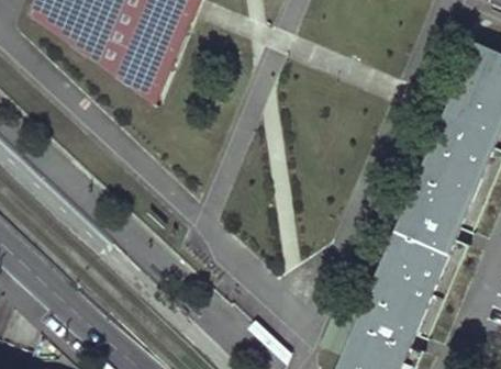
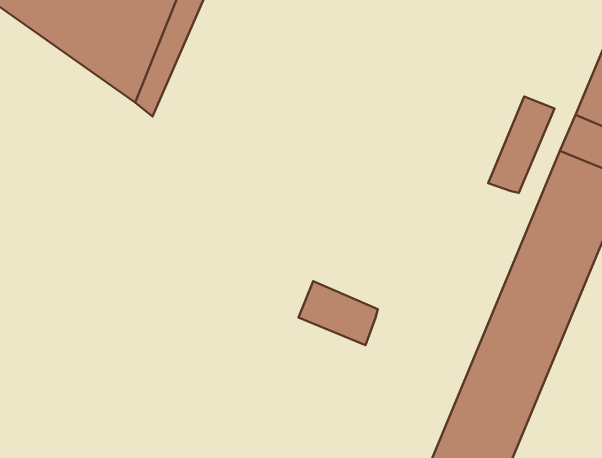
building: none -> [488,96,555,193]
building: none -> [299,281,378,345]

